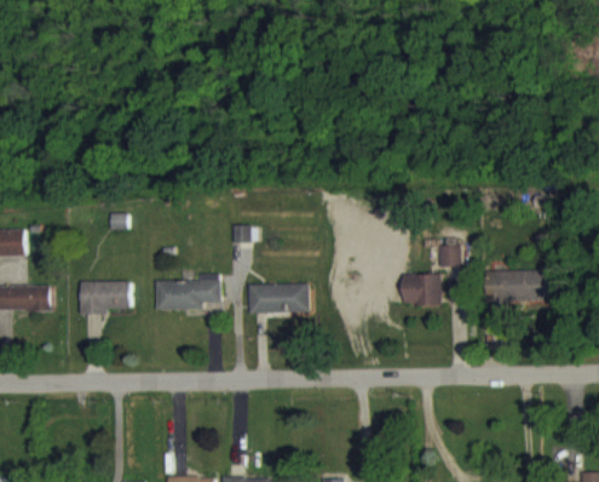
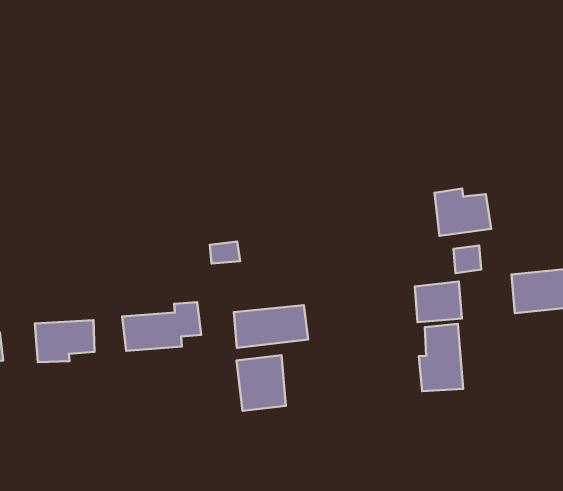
building: none -> [435,188,491,236]
building: none -> [419,324,463,391]
building: none -> [236,355,286,411]

